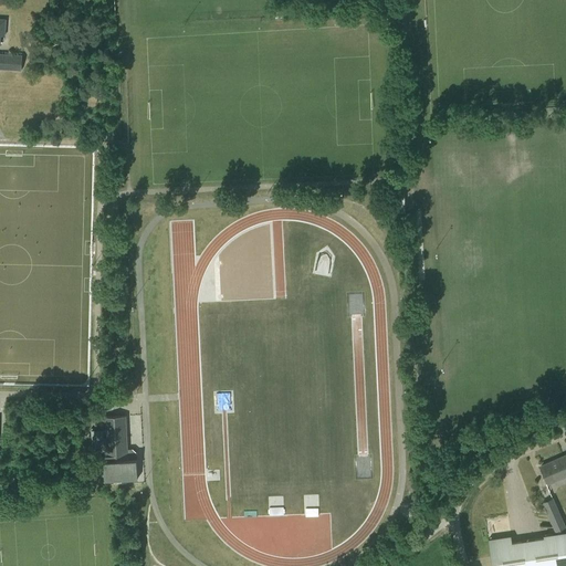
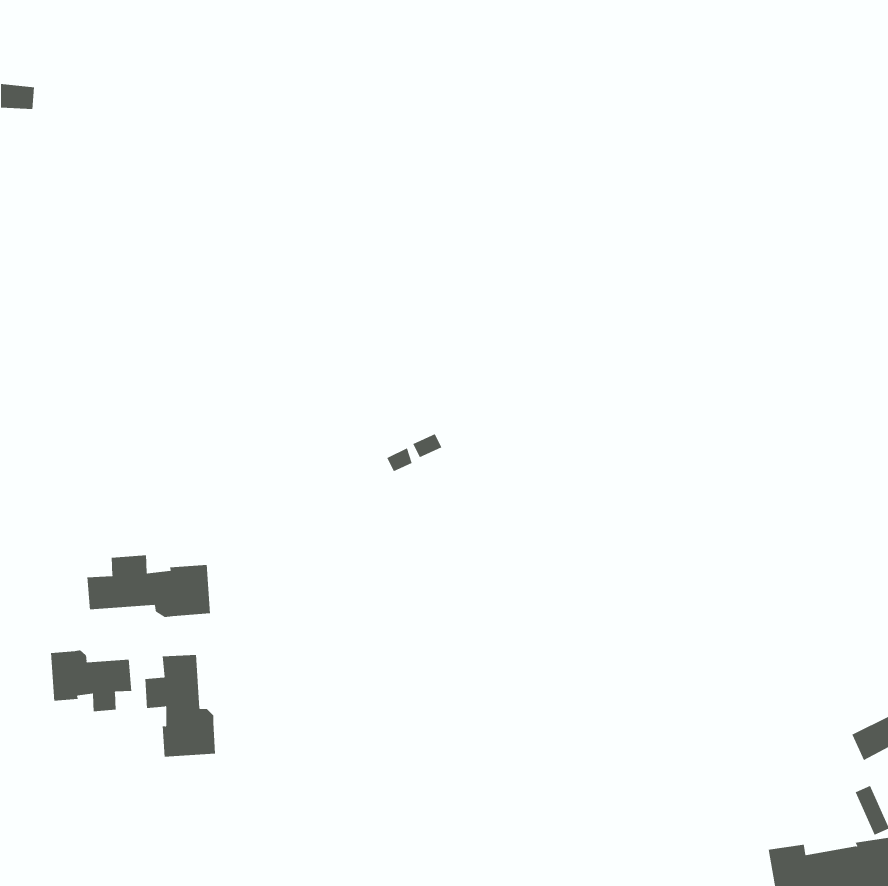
building: none -> [87,555,210,618]
building: none -> [50,650,132,712]

